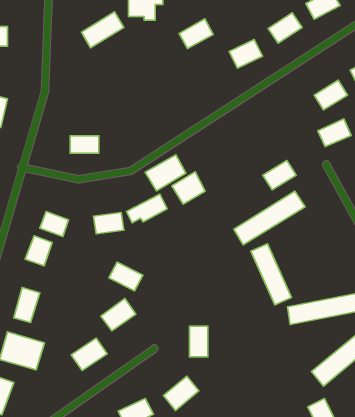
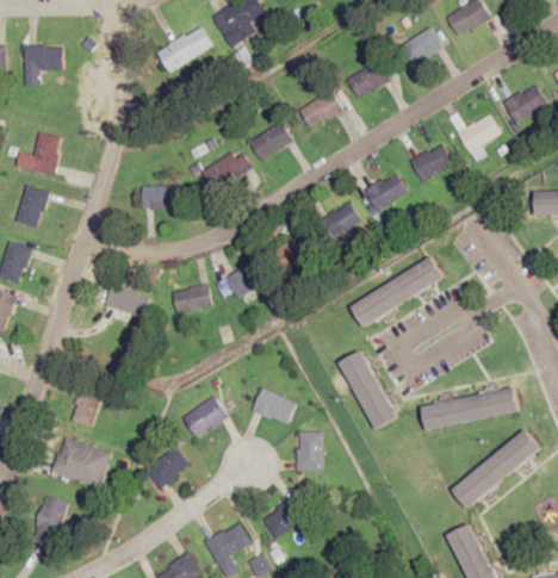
building: [179,19,213,48] -> [298,91,342,129]
building: none -> [249,122,292,161]
building: [318,119,351,147] -> [410,144,453,180]
building: none -> [318,203,360,240]
building: [145,155,186,191] -> [202,149,254,195]
building: [263,160,296,190] -> [364,173,407,211]
building: [25,236,52,266] -> none
building: [251,244,291,305] -> [343,350,396,429]
building: [109,262,143,291] -> [252,389,296,425]

